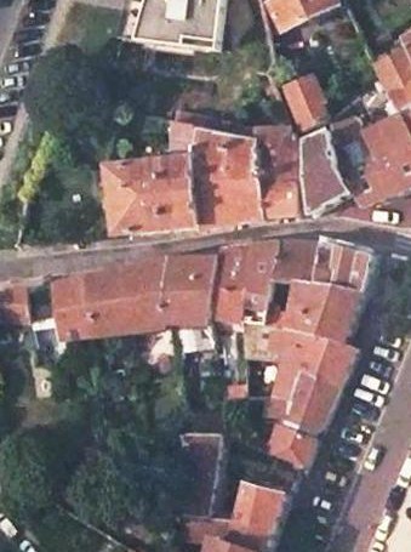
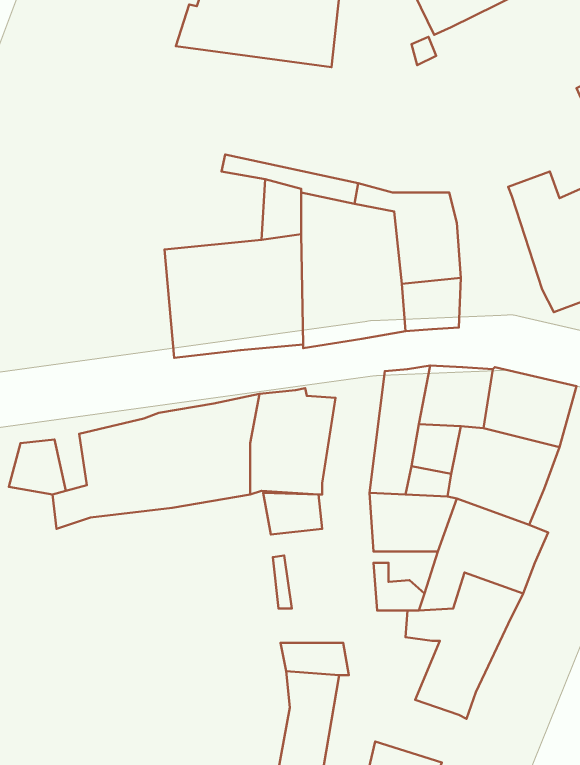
building: [284,73,329,130] -> none
building: [313,131,353,212] -> none
building: [212,243,252,320] -> none

